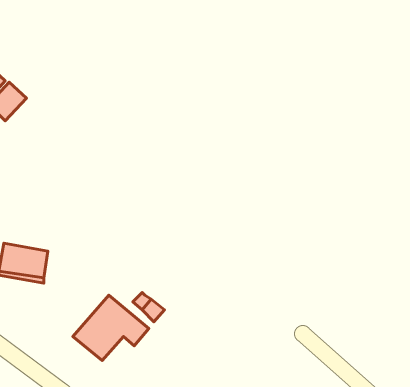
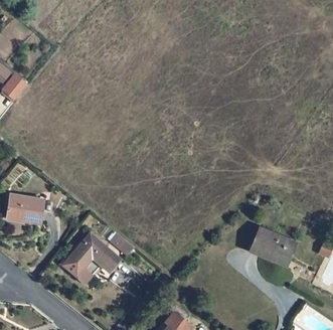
building: none -> [251,227,296,267]

